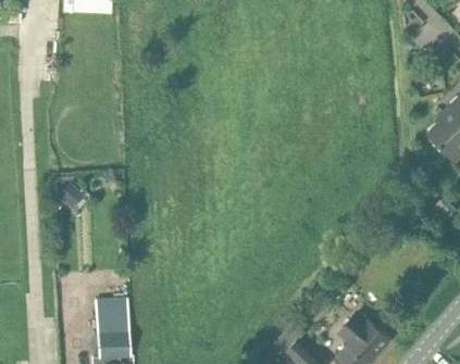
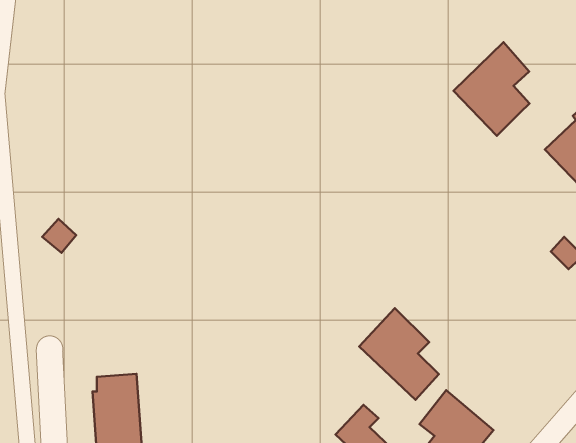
building: none -> [453,42,529,136]
building: none -> [359,308,439,400]

